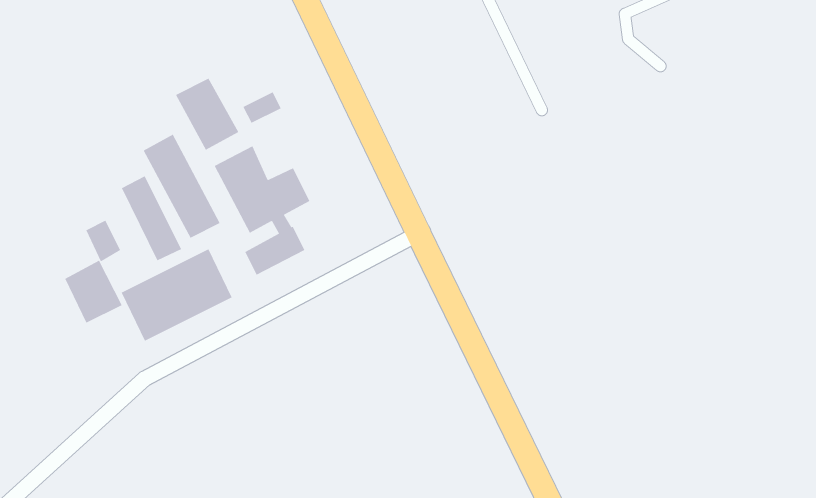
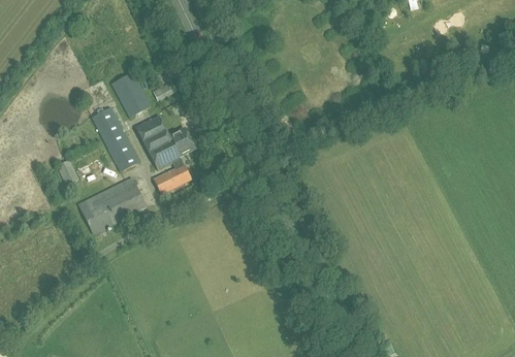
building: [121,176,182,261] -> none
building: [64,260,122,324] -> none

